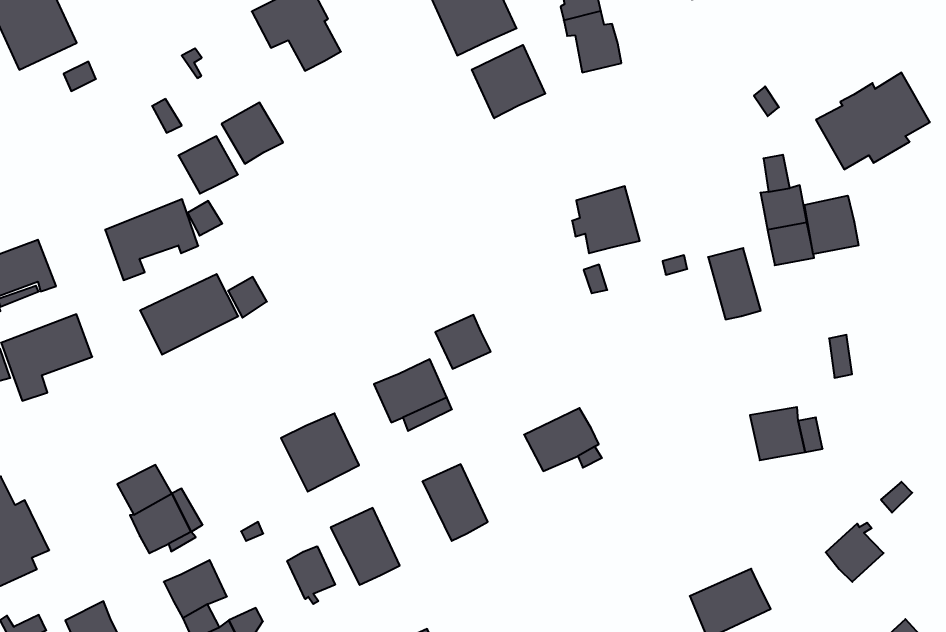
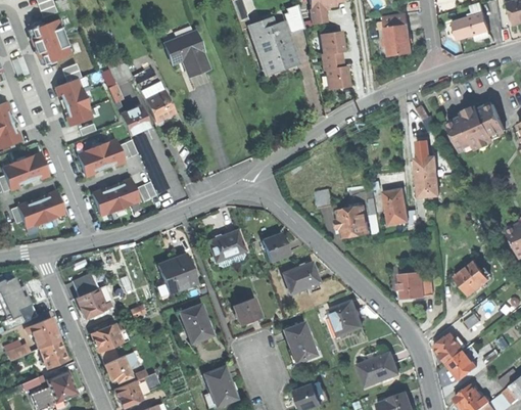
building: [472,45,545,118] -> none
building: none -> [134,72,162,100]
building: none -> [54,76,94,125]
building: [572,186,640,253] -> [336,203,370,236]
building: [804,196,859,254] -> none
building: [435,315,491,369] -> [263,233,290,260]
building: none -> [454,262,490,295]
building: none -> [331,300,365,334]
building: none -> [284,321,317,362]
building: [287,546,335,604] -> none
building: none -> [444,350,475,379]
building: none -> [29,317,60,349]

